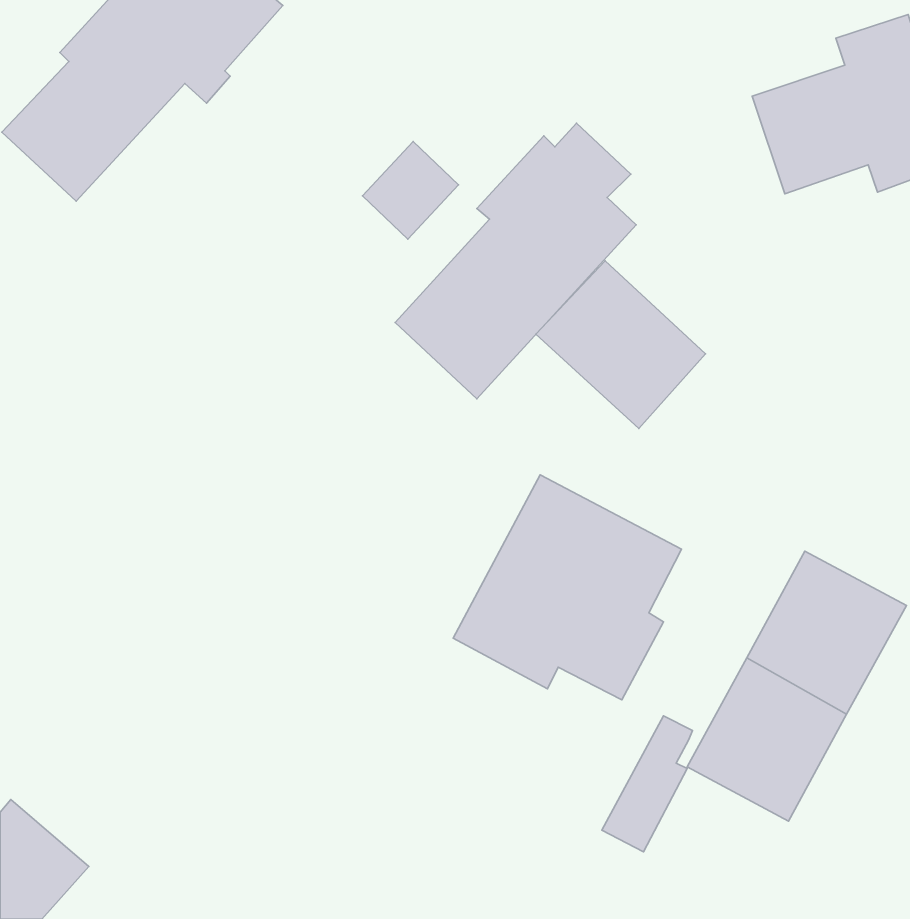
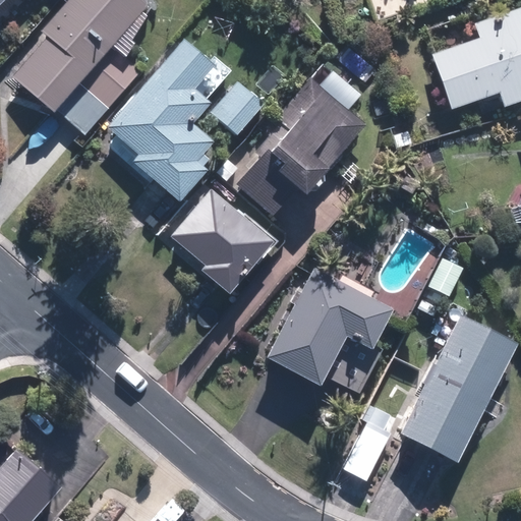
building: none -> [105,38,228,202]
building: none -> [67,59,146,133]
building: [536,261,706,429] -> none
building: none -> [170,189,279,295]

